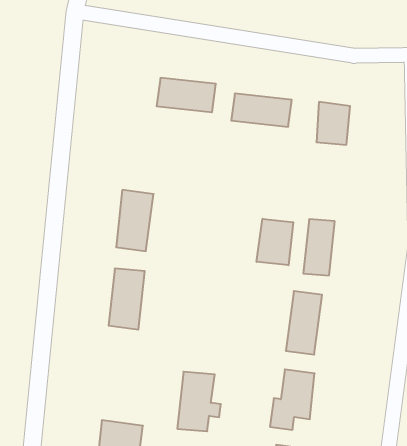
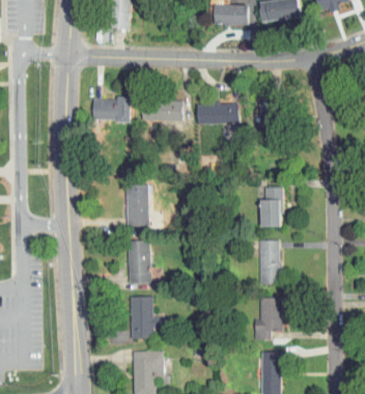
building: none -> [92,98,131,121]
building: [257,219,293,265] -> none
building: [177,372,221,431] -> [130,297,160,339]

